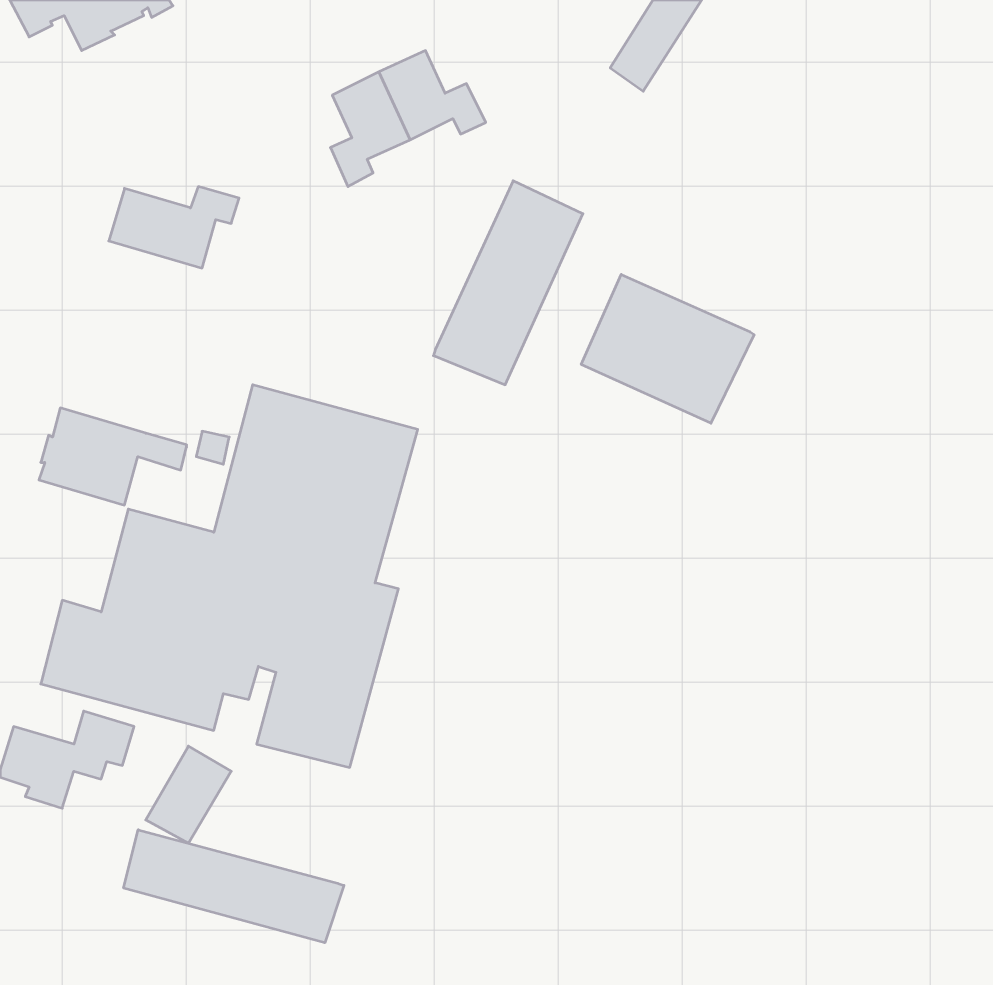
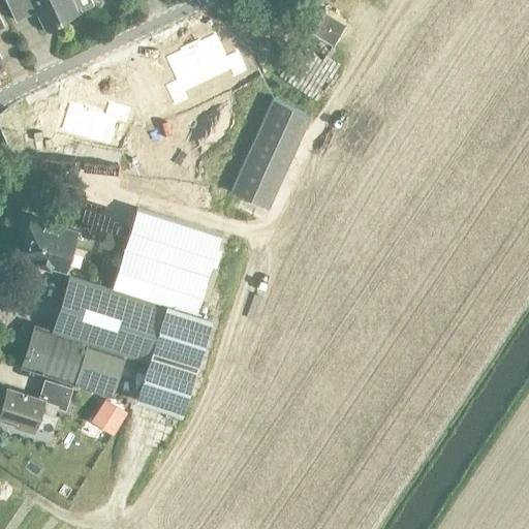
building: [581,274,754,423] -> none
building: [124,830,344,943] -> none

